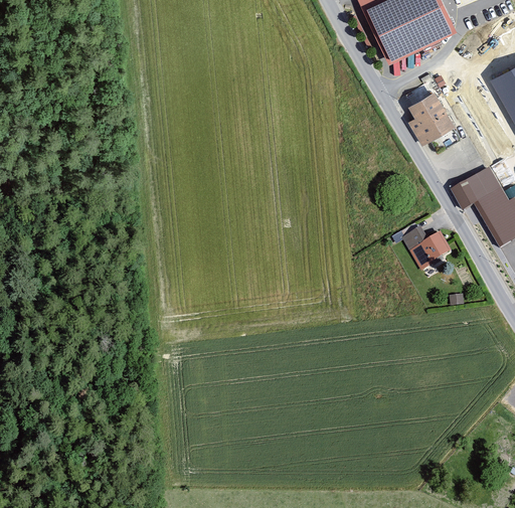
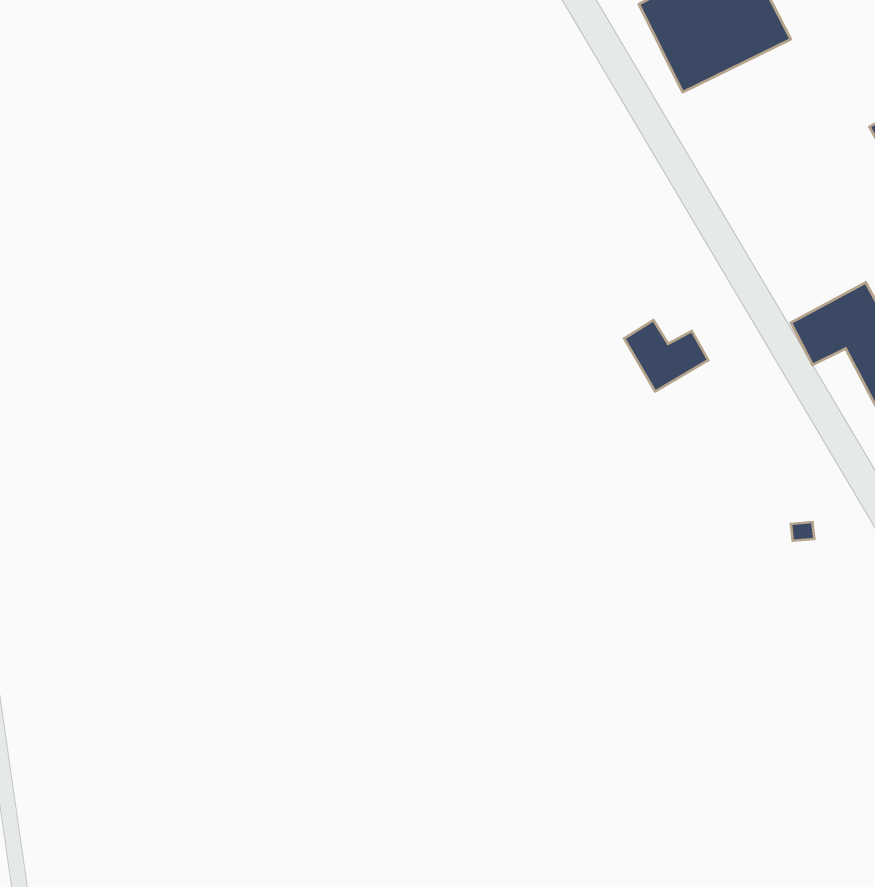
building: [411,94,455,144] -> none
building: [401,230,448,270] -> [624,320,708,391]

